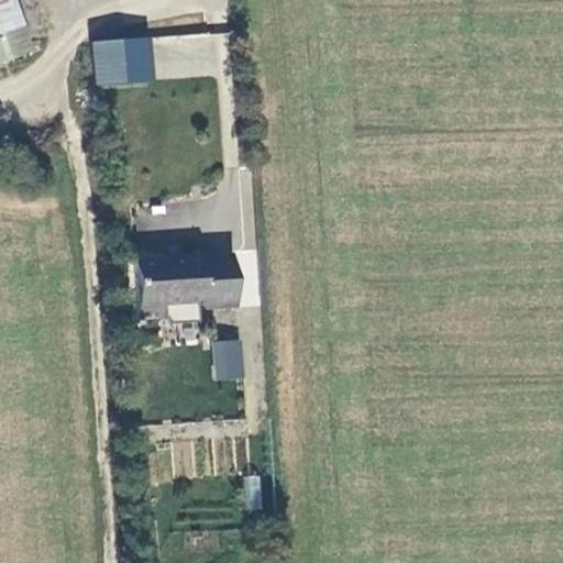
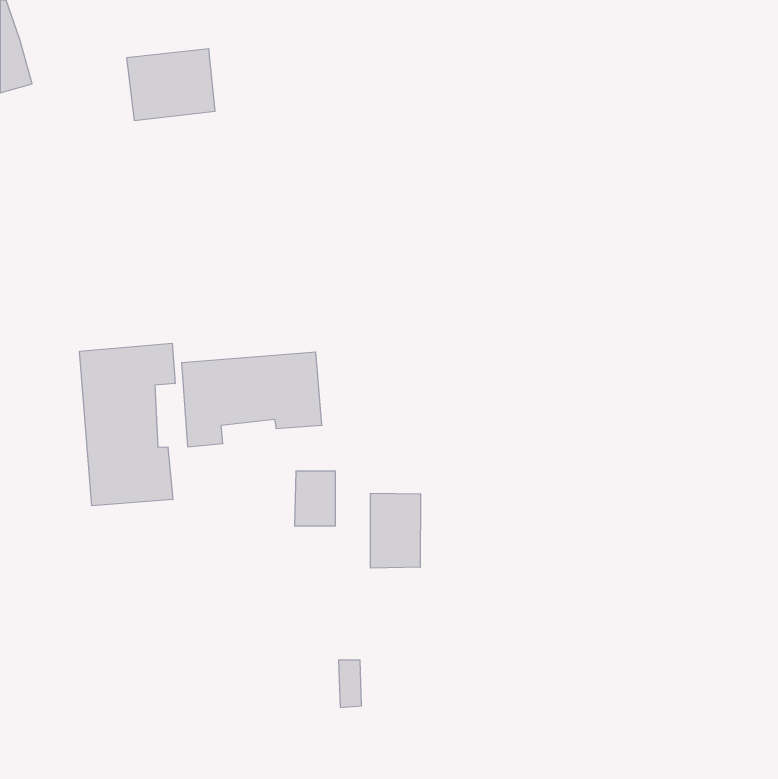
building: none -> [80,343,175,506]
building: none -> [371,493,420,568]

